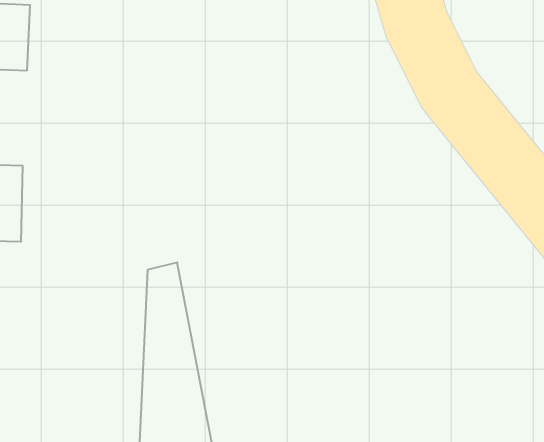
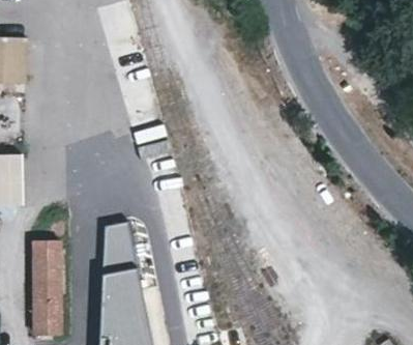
building: none -> [30,241,58,336]

